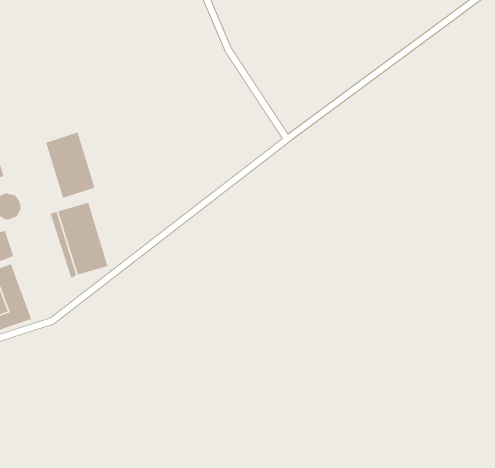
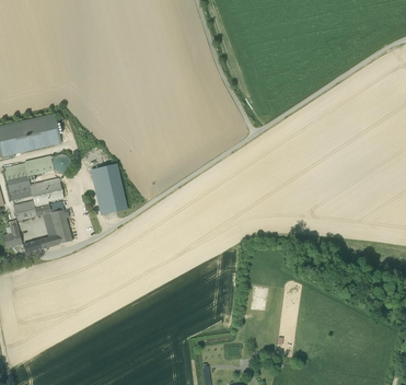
building: [45,131,95,199] -> none

